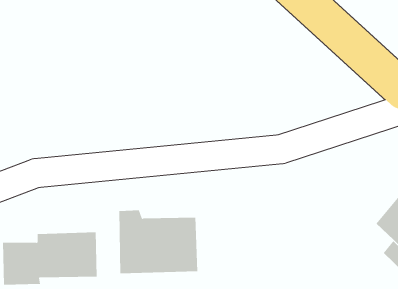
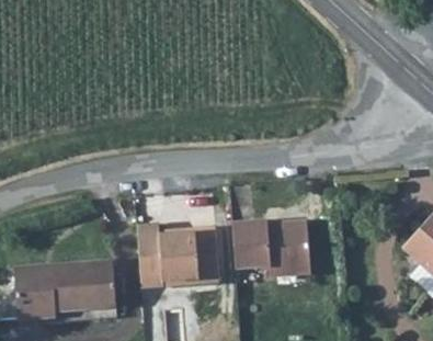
building: none -> [235,220,312,270]

